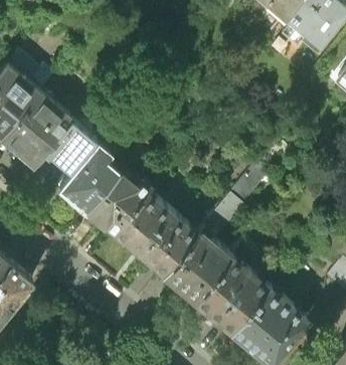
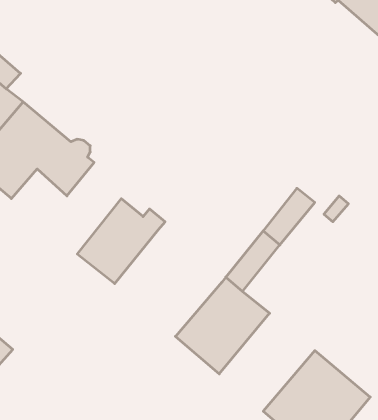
building: [58,143,120,214] -> none
building: [115,195,198,279] -> none
building: [196,260,271,337] -> none

